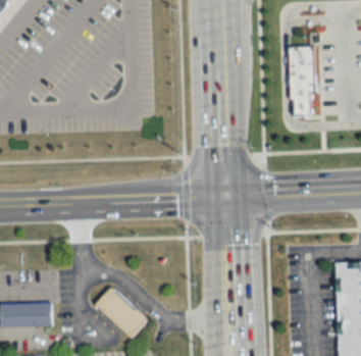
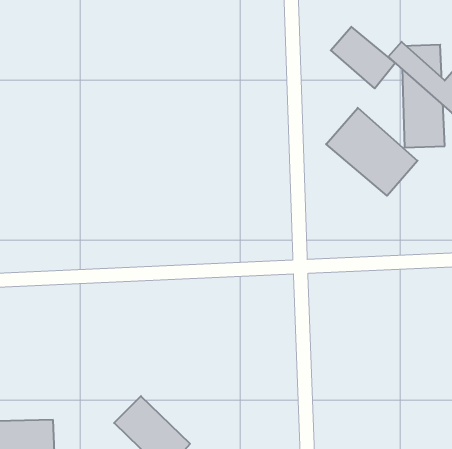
building: none -> [331,27,395,88]
building: none -> [326,108,418,196]

